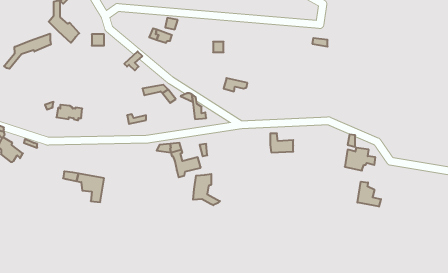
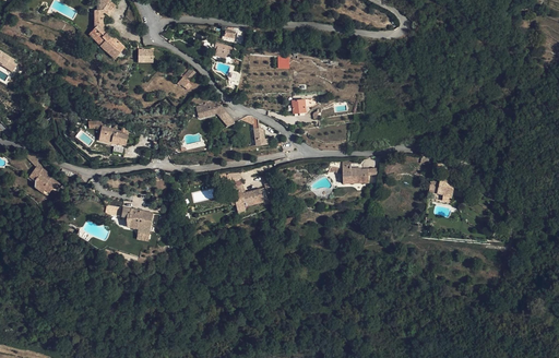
building: [4,34,51,69] -> none
building: [193,174,220,205] -> none
building: [357,182,381,207] -> none

